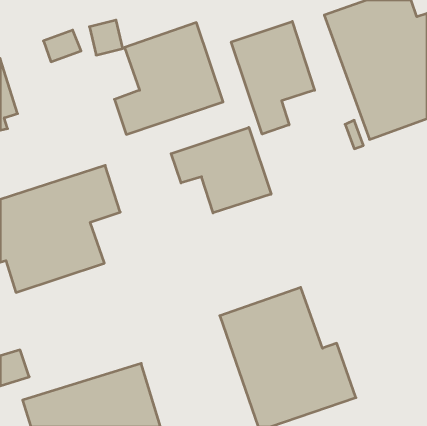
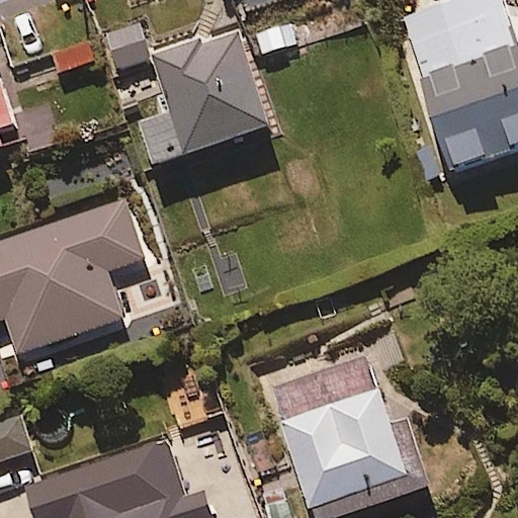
building: [231,21,315,134] -> none
building: [171,127,271,213] -> none

